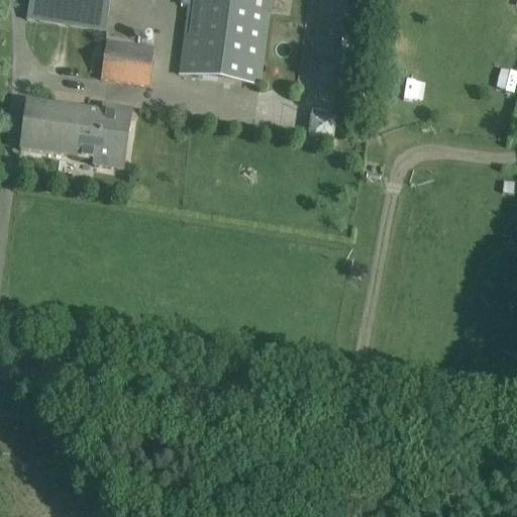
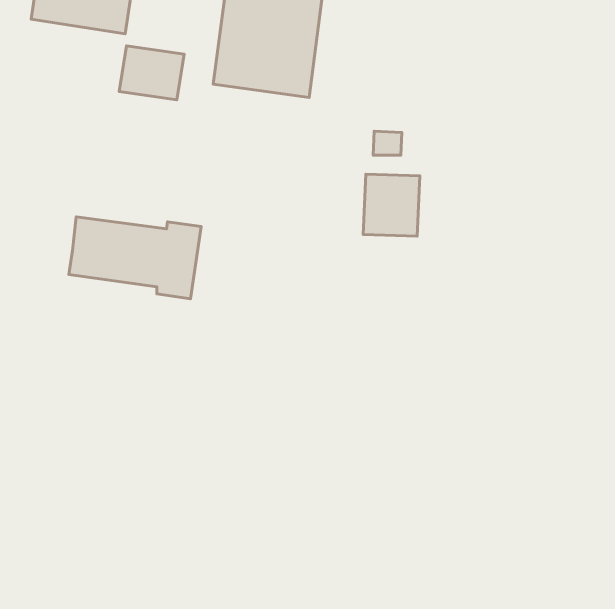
building: [20,98,131,167] -> [69,217,201,299]
building: none -> [363,174,420,236]

